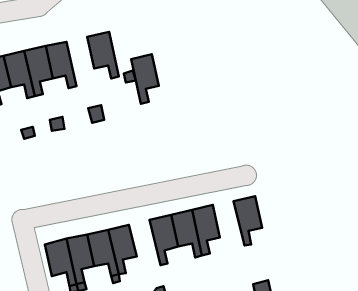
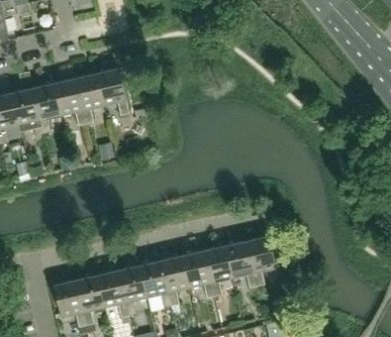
building: [131,54,159,104] -> [76,74,104,124]
building: none -> [225,241,258,289]
building: none -> [139,260,172,309]

